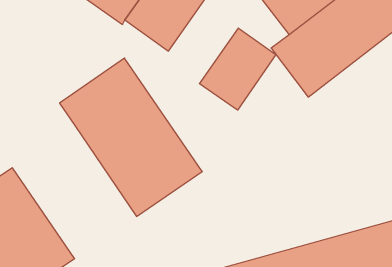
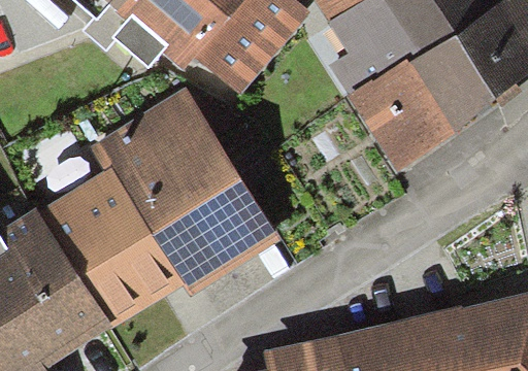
building: [199,28,276,110] -> none
building: none -> [35,175,178,333]

